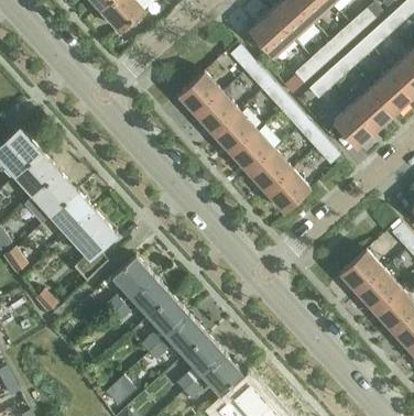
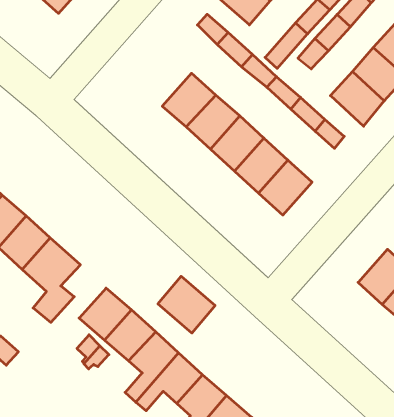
building: [177,72,221,116] -> none
building: none -> [158,276,215,333]

